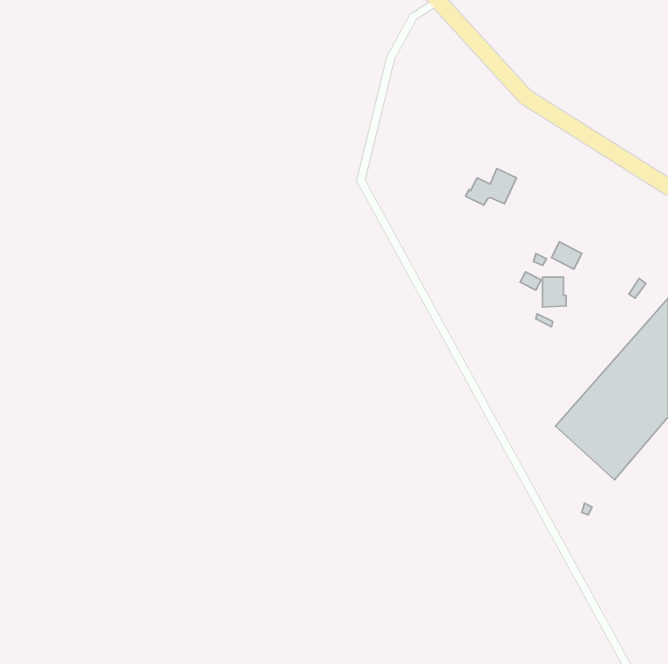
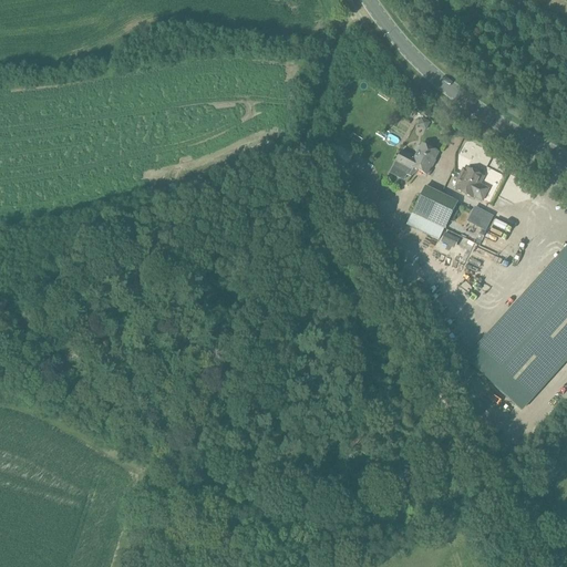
building: none -> [456,166,487,197]
building: none -> [406,185,457,238]

